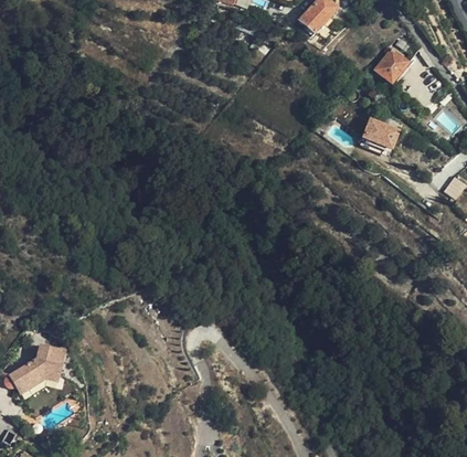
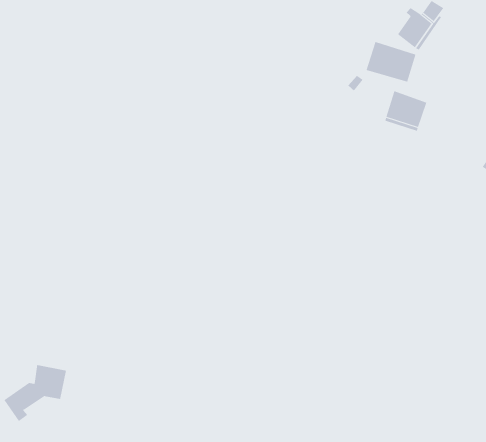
building: none -> [366,41,416,82]

